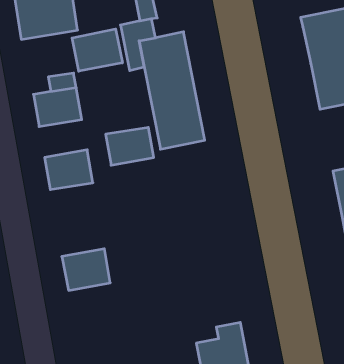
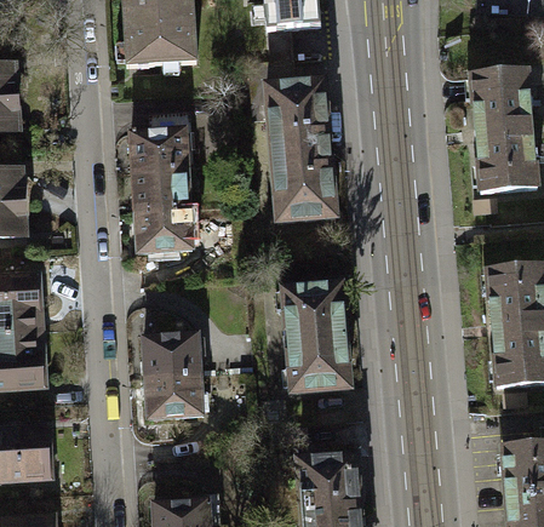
building: [72,29,122,71] -> none
building: [106,127,154,165] -> [134,172,190,213]
building: none -> [285,285,349,391]
building: none -> [148,376,201,418]

